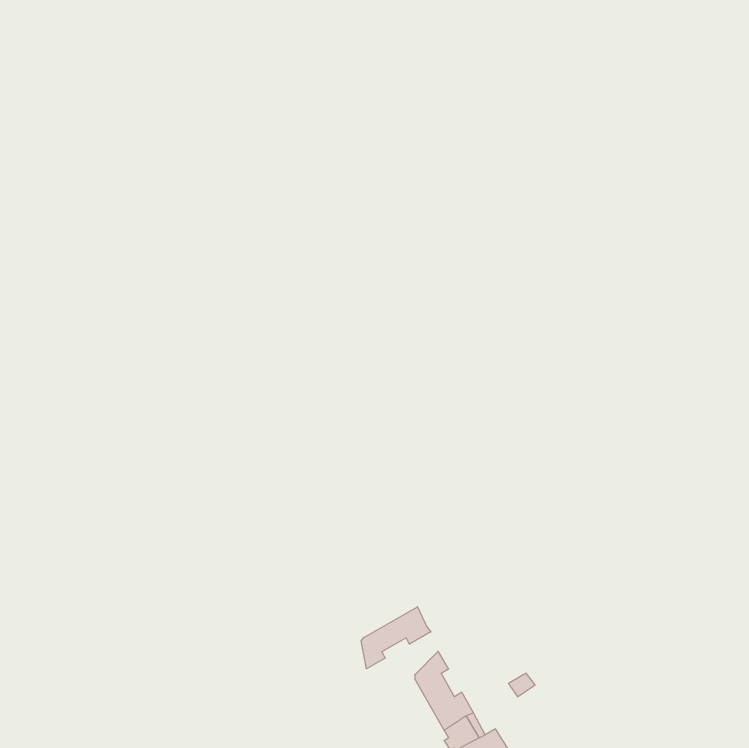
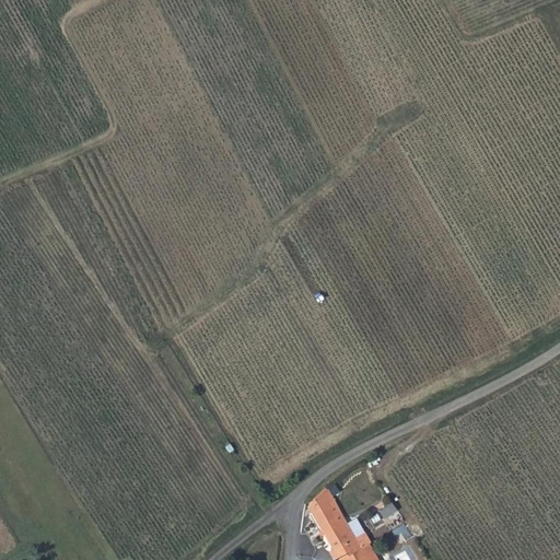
building: [361,607,431,669] -> none

